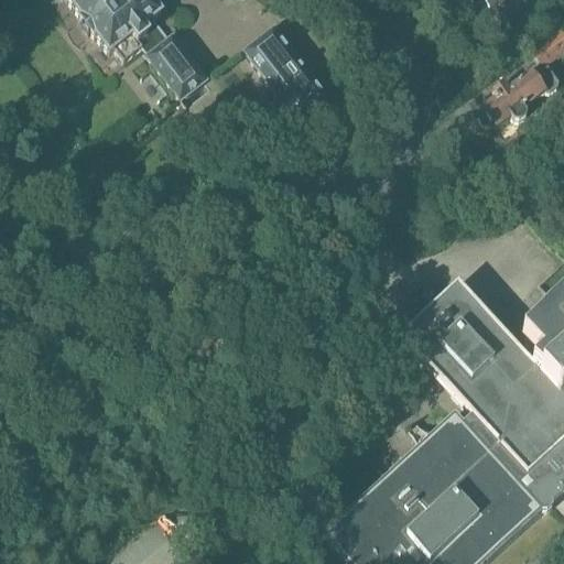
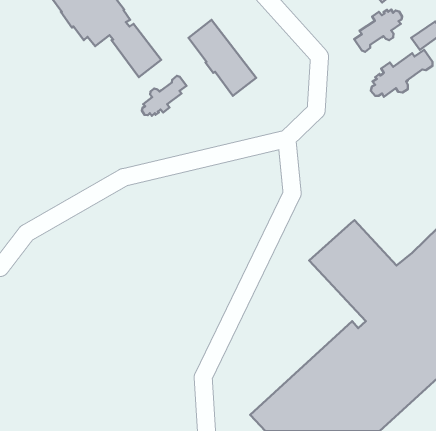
building: none -> [354,9,402,52]
building: none -> [142,76,187,116]

